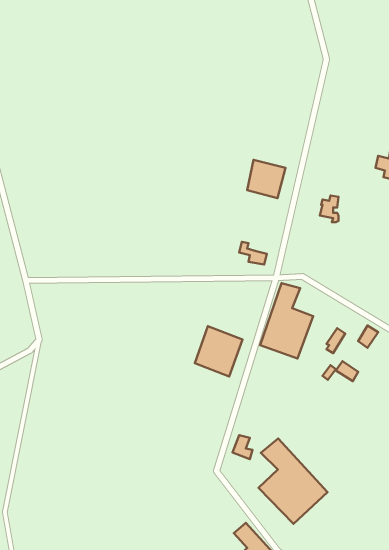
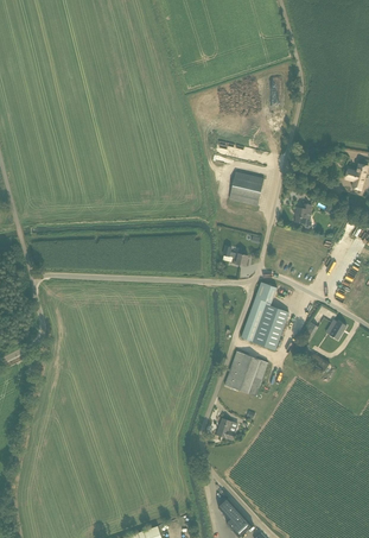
building: [195,326,242,377] -> [224,350,267,395]
building: [259,438,327,524] -> none

